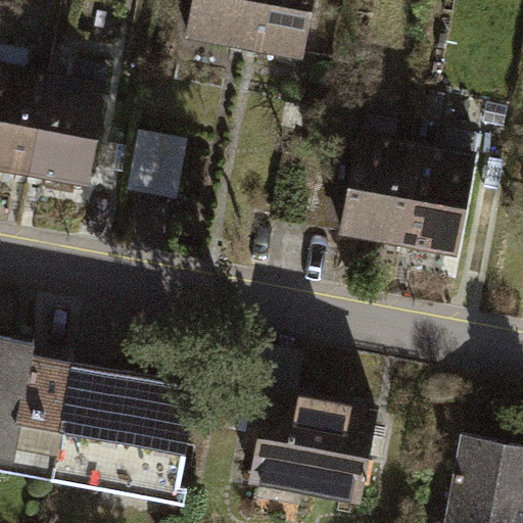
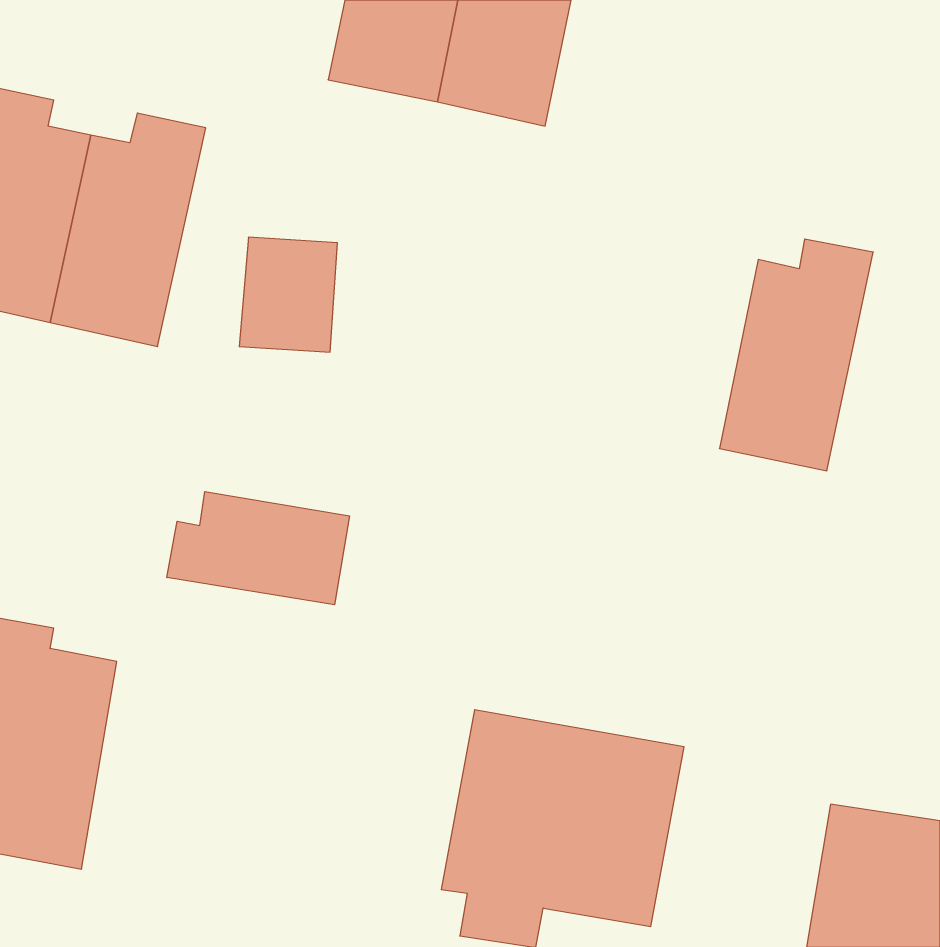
building: [336,116,418,247] -> none
building: none -> [167,492,349,605]
building: [45,365,192,501] -> none

